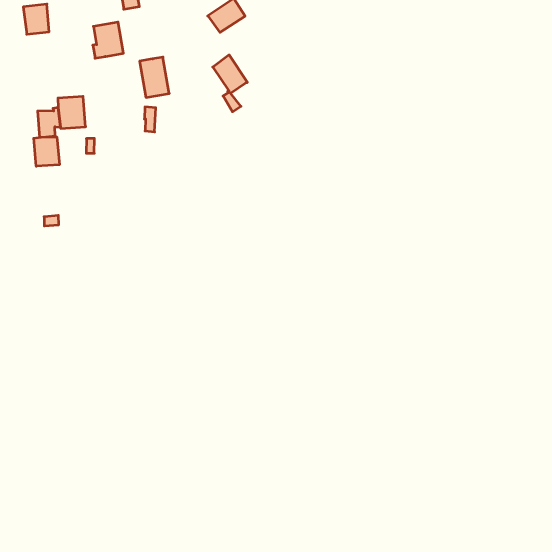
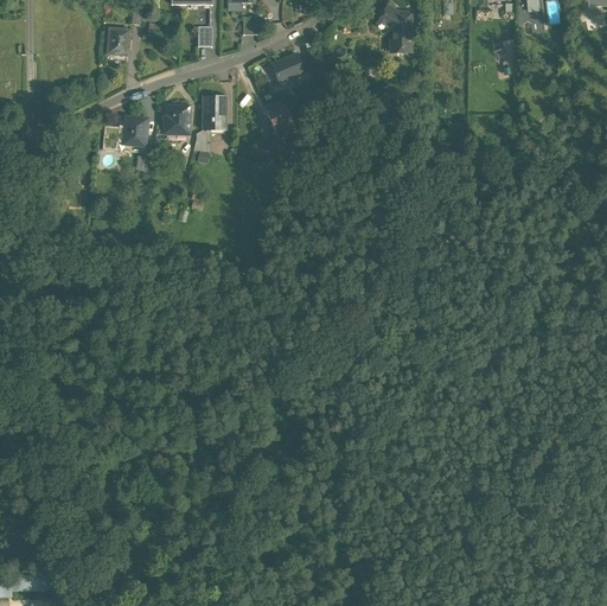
building: [93,22,123,58] -> [164,104,190,133]
building: [34,137,59,166] -> none

